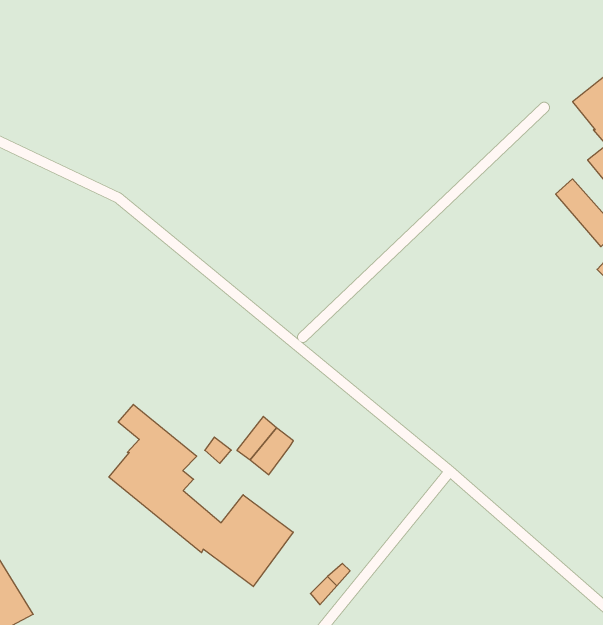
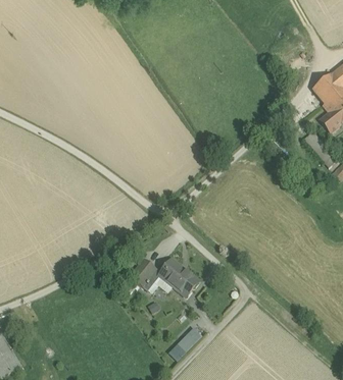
building: [109,404,293,587] -> none
building: none -> [159,259,198,295]

